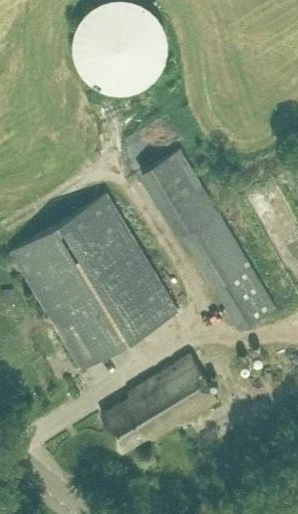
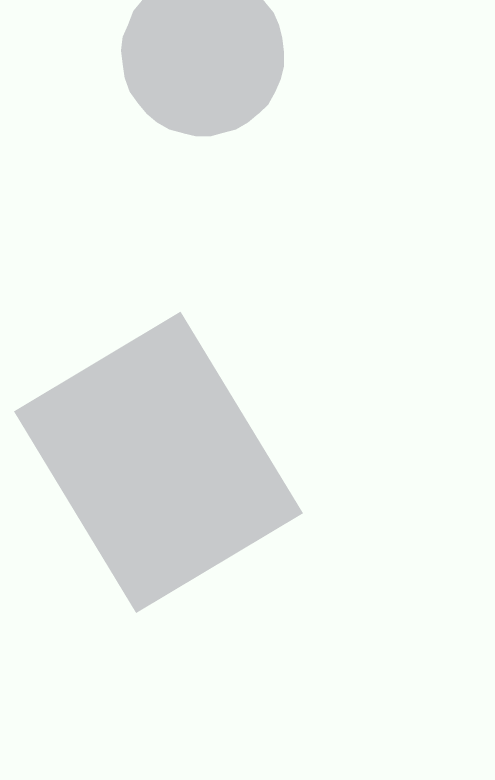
building: [138,150,276,331] -> none
building: [101,356,218,452] -> none

